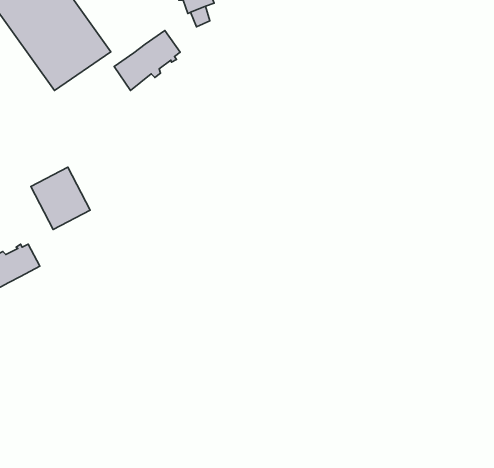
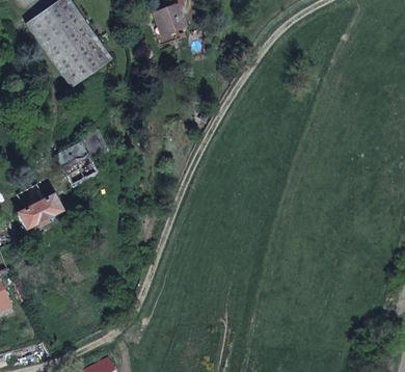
building: [114,30,180,90] -> none

